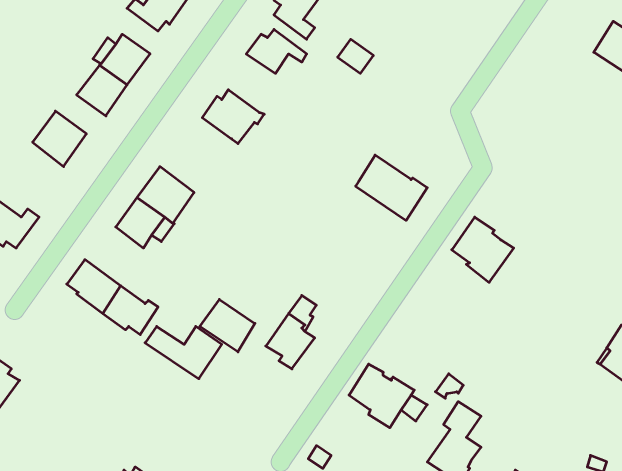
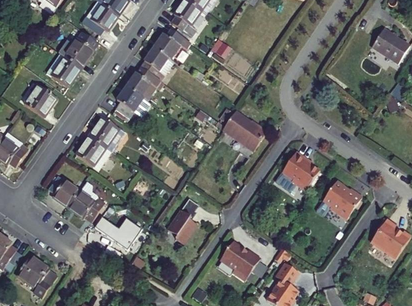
building: none -> [144,49,177,85]
building: none -> [118,88,146,121]
building: none -> [322,179,361,218]
building: [200,299,255,352] -> none
building: none -> [15,254,54,295]

